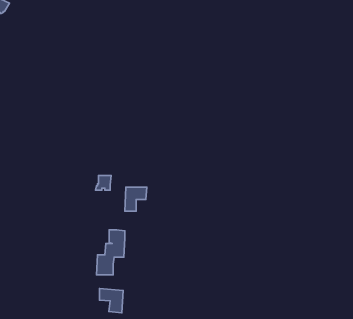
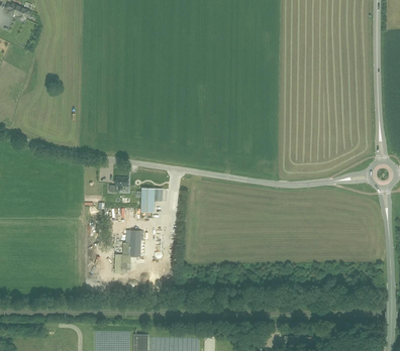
building: [99,288,123,313] -> none

